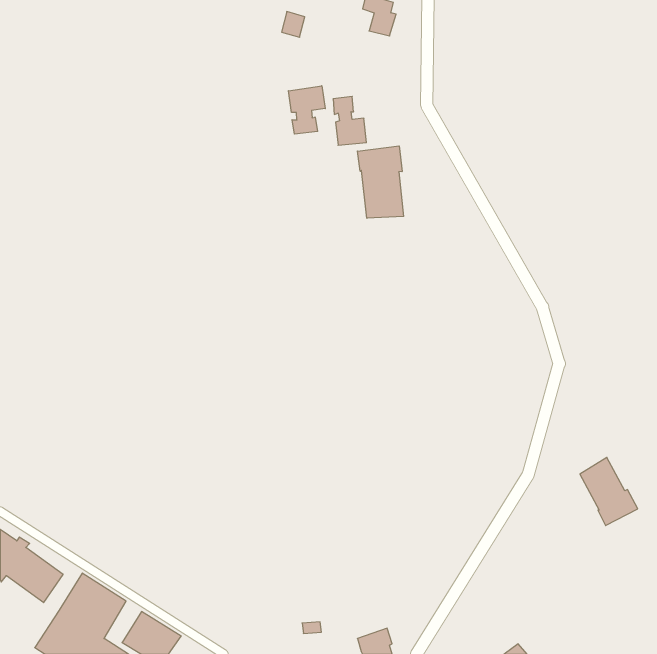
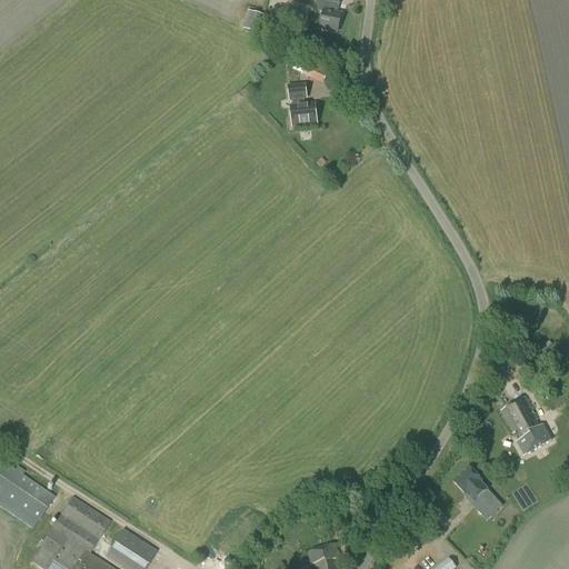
building: [288,86,325,134] -> none
building: [357,146,404,218] -> none
building: none -> [452,466,493,513]

